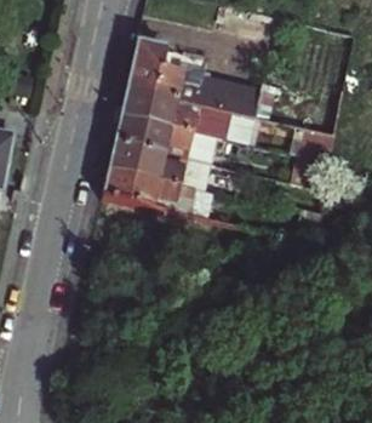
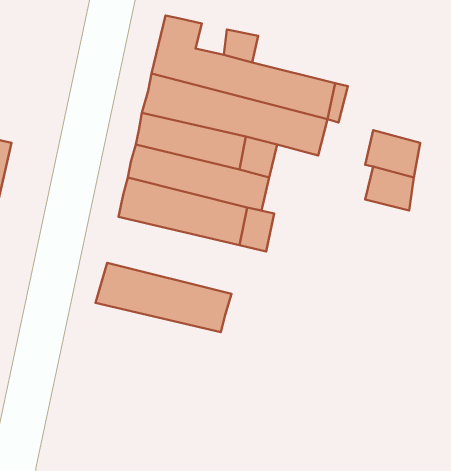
building: none -> [96,263,231,332]

